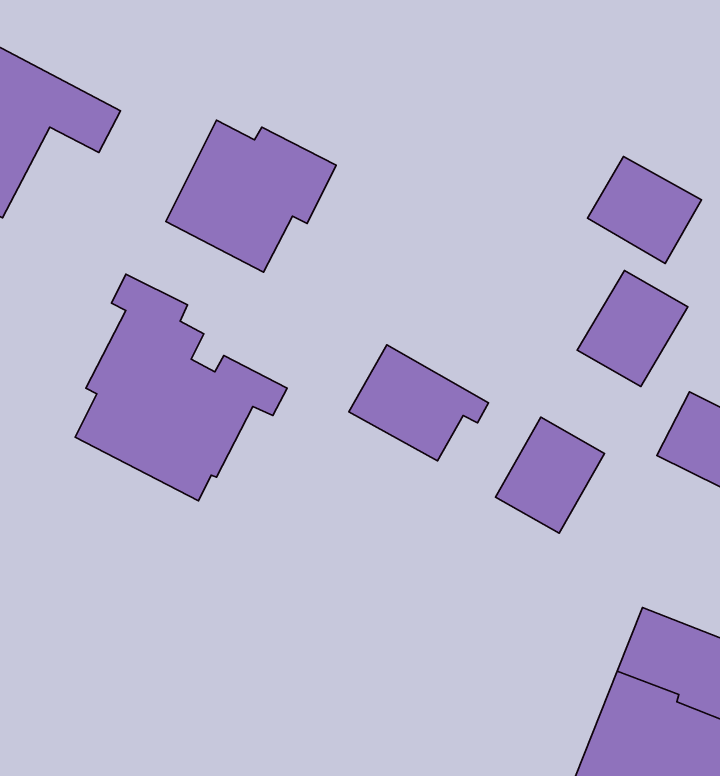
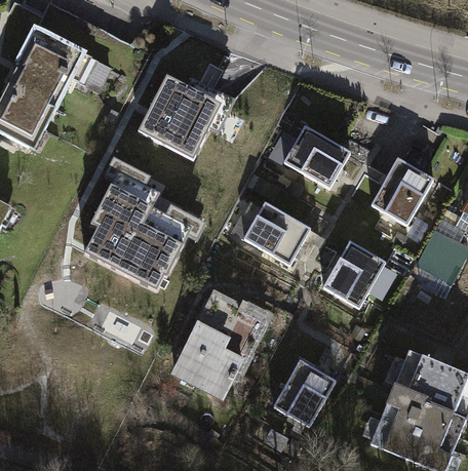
building: [587,156,702,263] -> [284,127,349,188]
building: none -> [173,293,260,394]
building: none -> [272,359,335,426]

